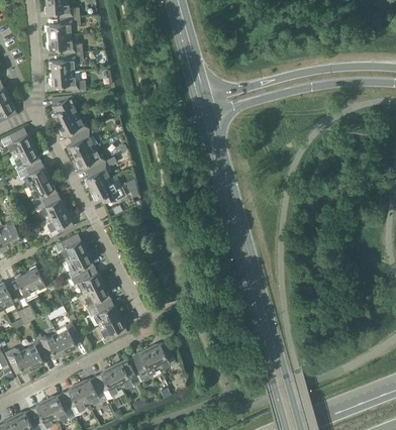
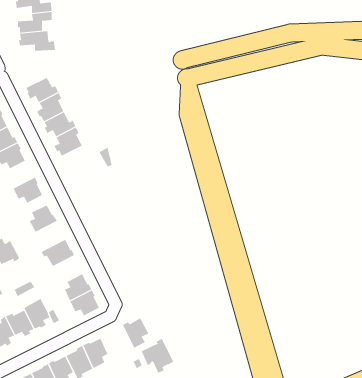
building: [49,96,77,124] -> none
building: [90,179,125,203] -> none
building: [38,193,66,219] -> none
building: [66,249,94,275] -> none
building: [82,282,110,307] -> none
building: [127,347,159,381] -> [141,338,174,374]

